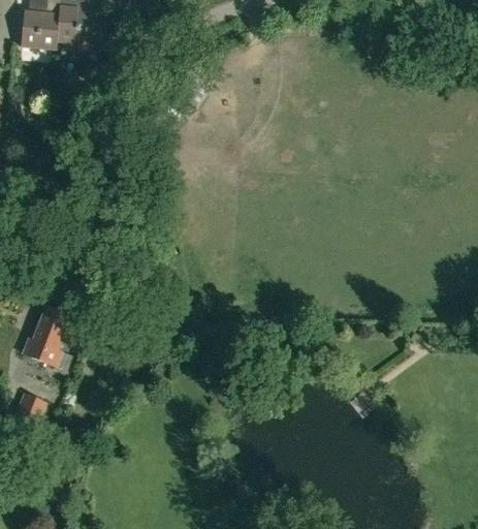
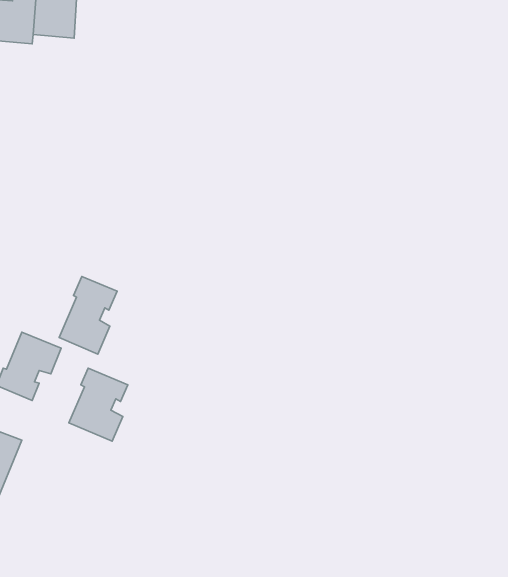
building: none -> [59,276,117,354]
building: none -> [69,368,128,441]

